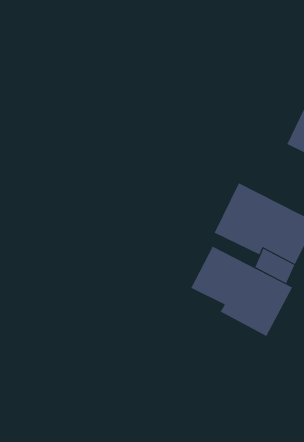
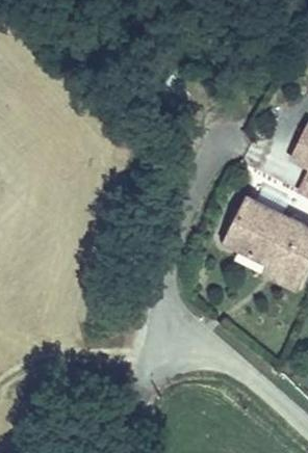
building: [191,246,293,337] -> none

